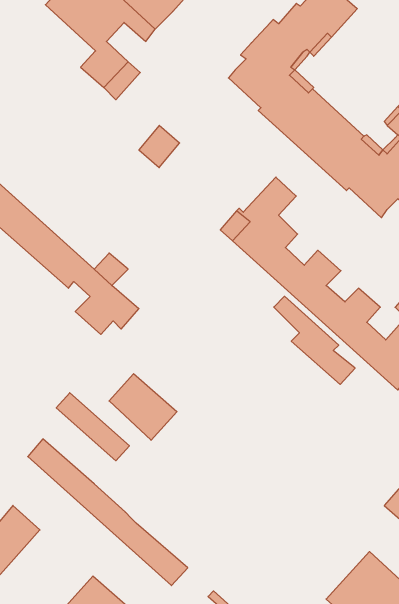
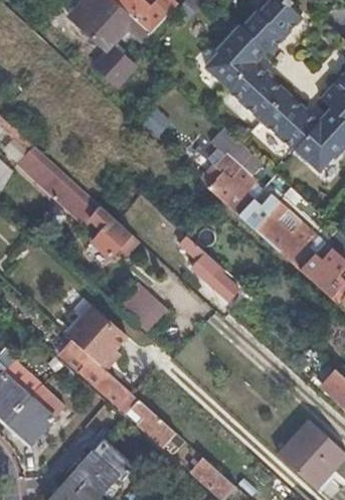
building: [274,296,355,384] -> [178,235,238,301]
building: none -> [61,313,122,369]

